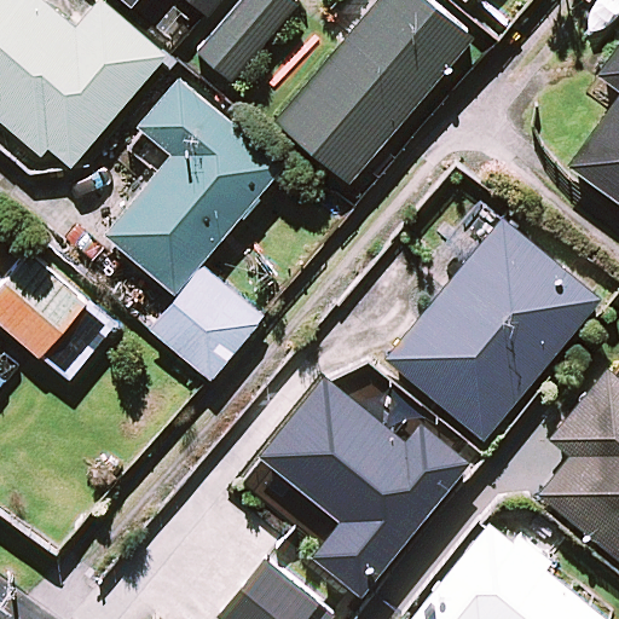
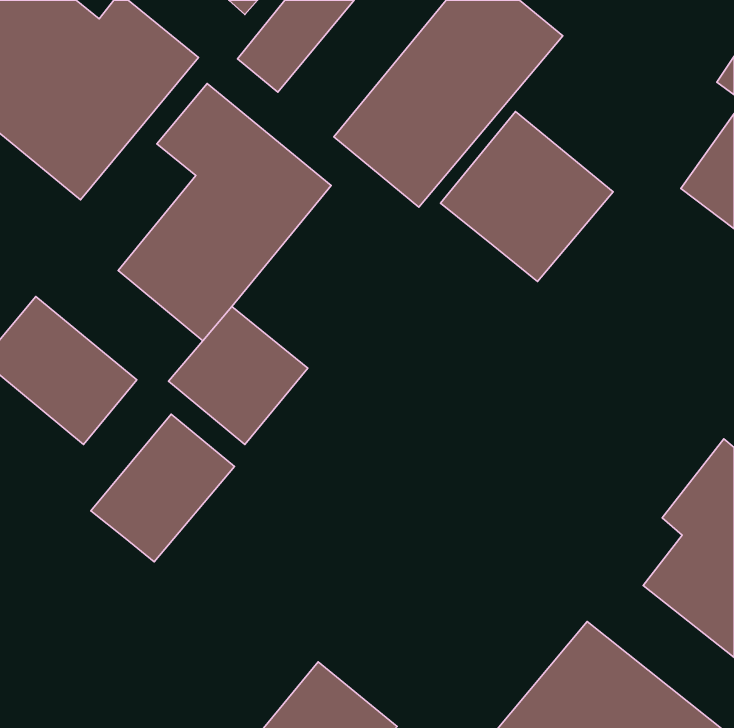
building: none -> [440,112,613,282]
building: [388,203,603,440] -> none
building: none -> [91,414,234,562]
building: [265,377,472,591] -> none

